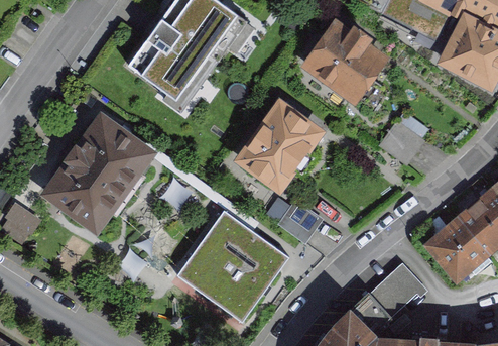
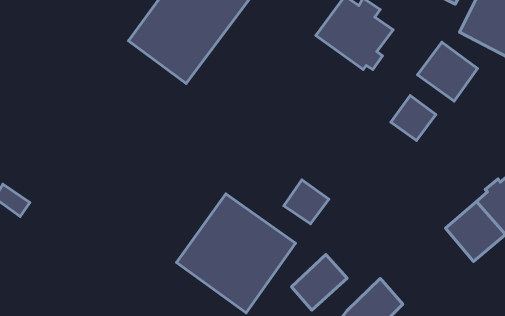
building: none -> [417,42,477,101]
building: [239,103,317,186] -> none
building: [47,119,145,224] -> none
building: [369,263,421,316] -> [292,255,347,310]

